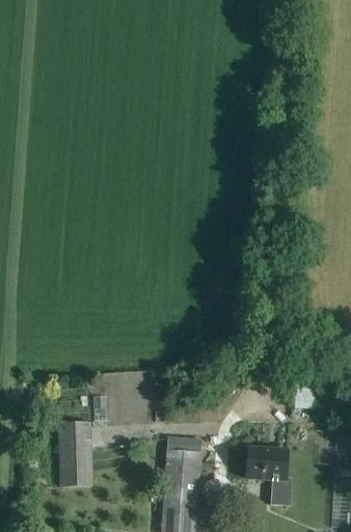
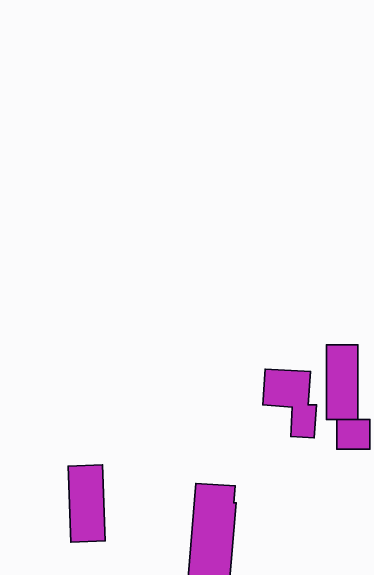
building: none -> [326,345,358,420]
building: [246,448,292,506] -> [263,369,317,438]

